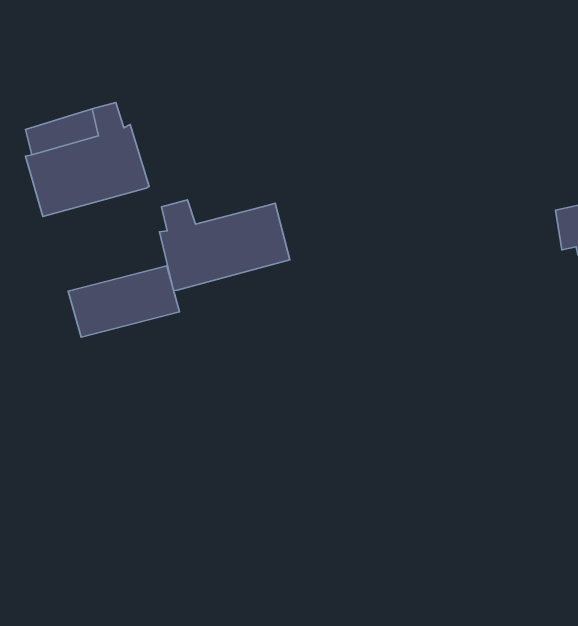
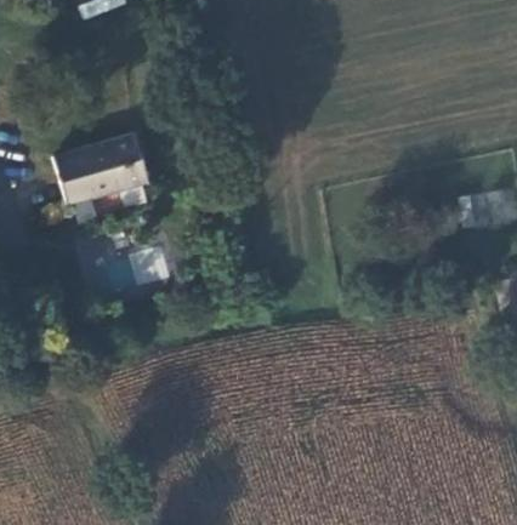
building: [160,200,290,290] -> none

